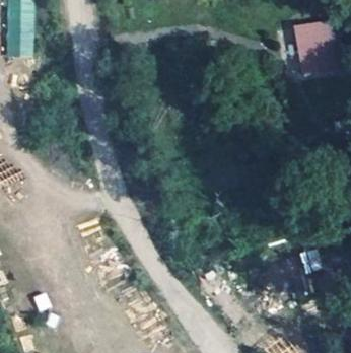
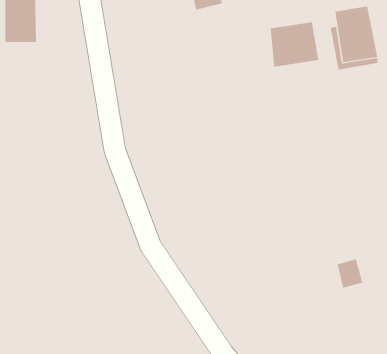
building: none -> [270,21,319,68]

